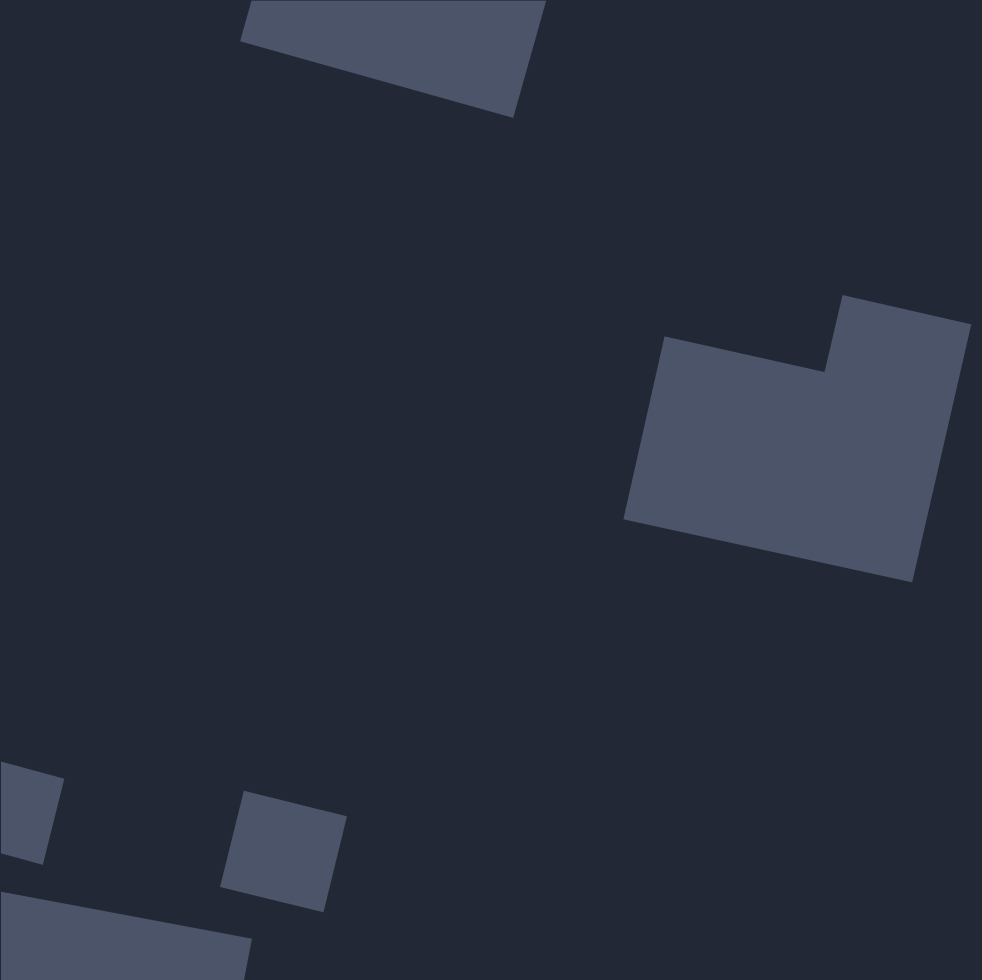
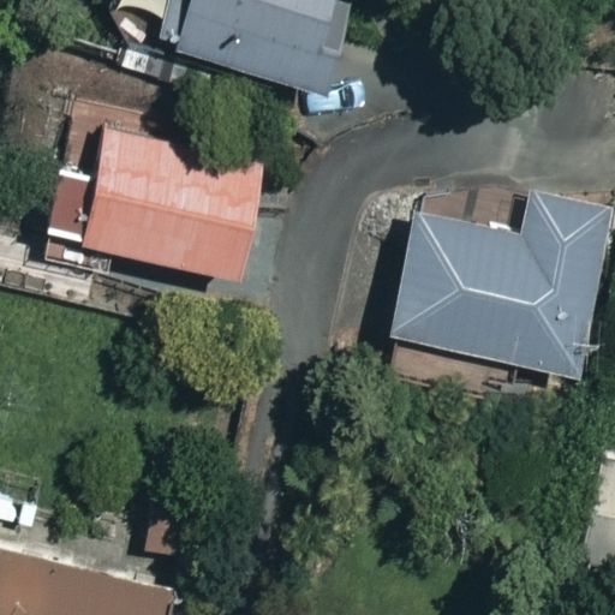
building: none -> [43,113,252,279]

